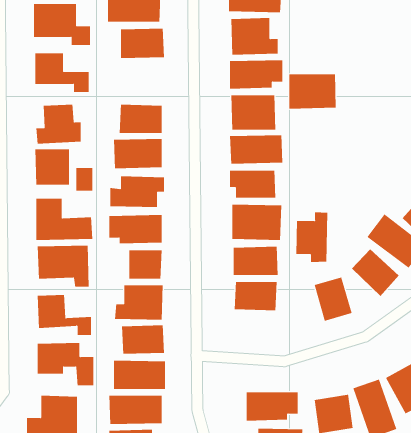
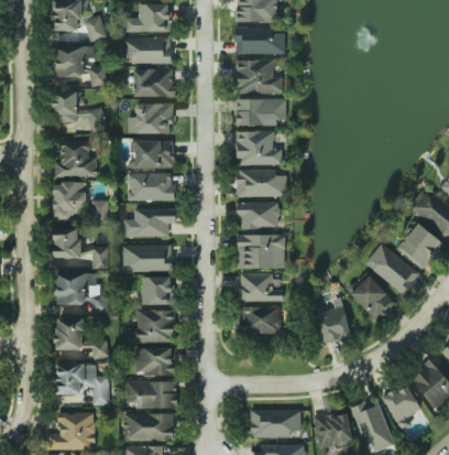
building: none -> [127,102,172,134]
building: [289,73,336,110] -> none
building: [296,211,328,263] -> none

